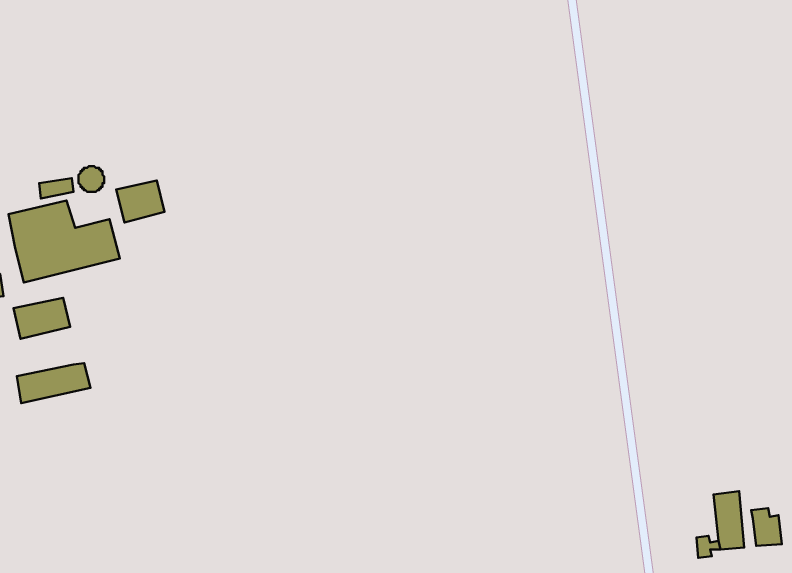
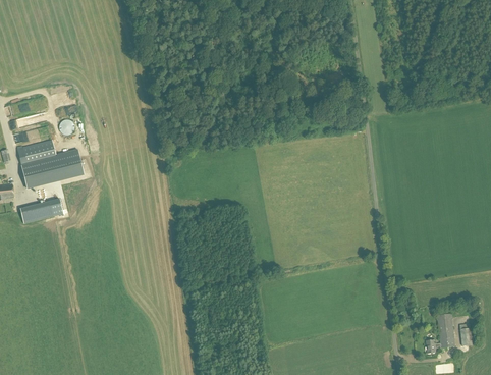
building: [116,180,164,223] -> none
building: [17,363,90,403] -> none

